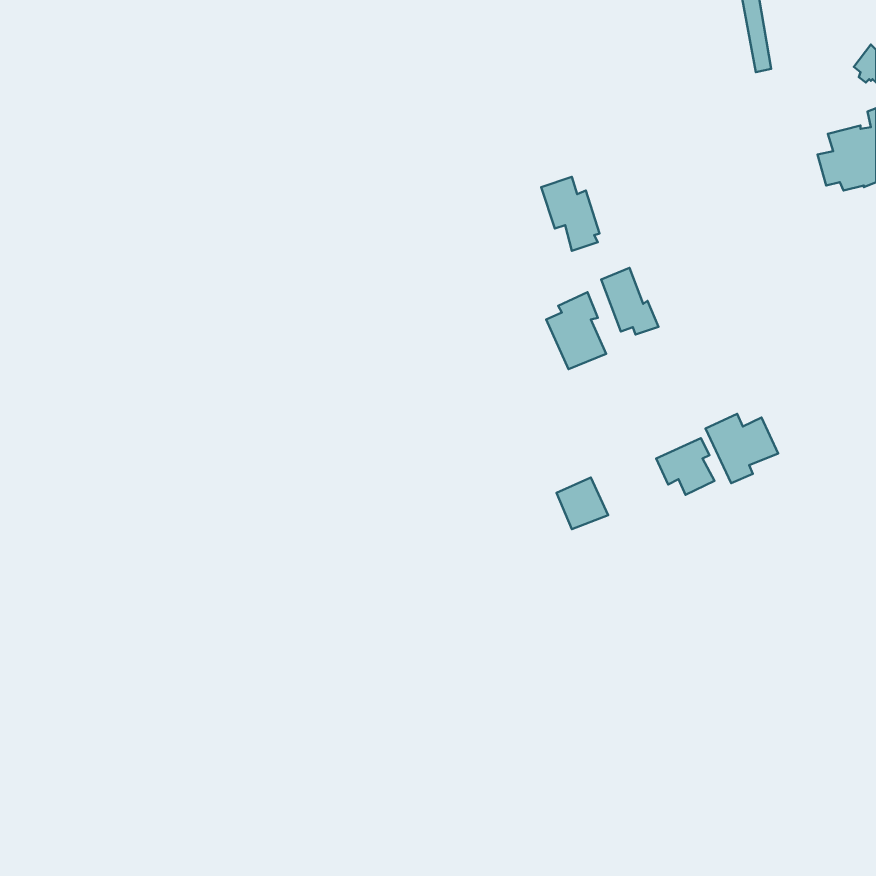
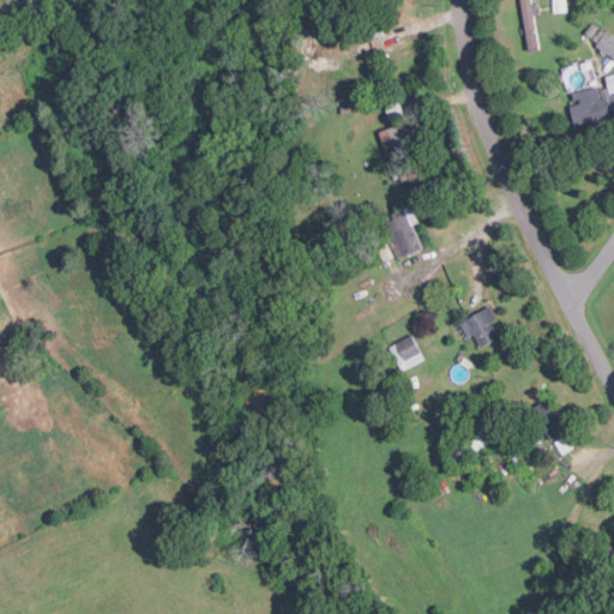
building: [601,268,658,335] -> none
building: [705,414,778,483] -> none

